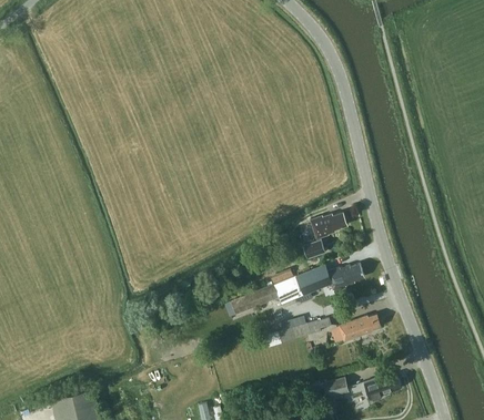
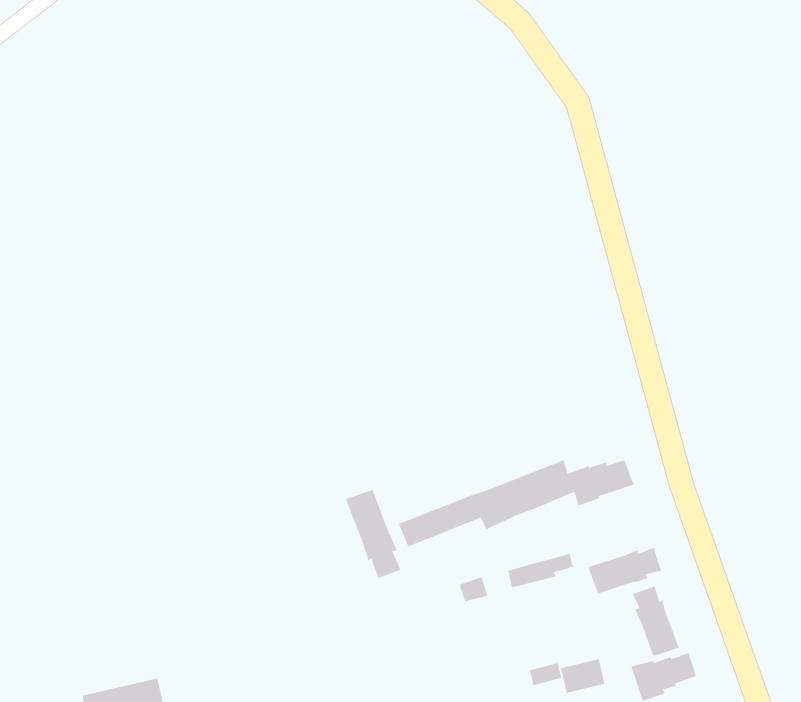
building: [301,213,344,259] -> none
building: none -> [345,489,401,579]
building: none -> [632,586,680,657]

